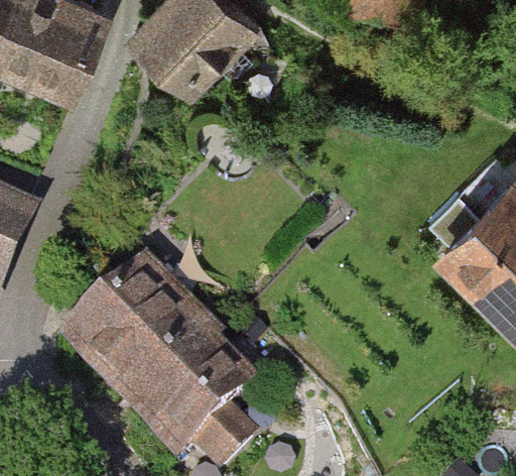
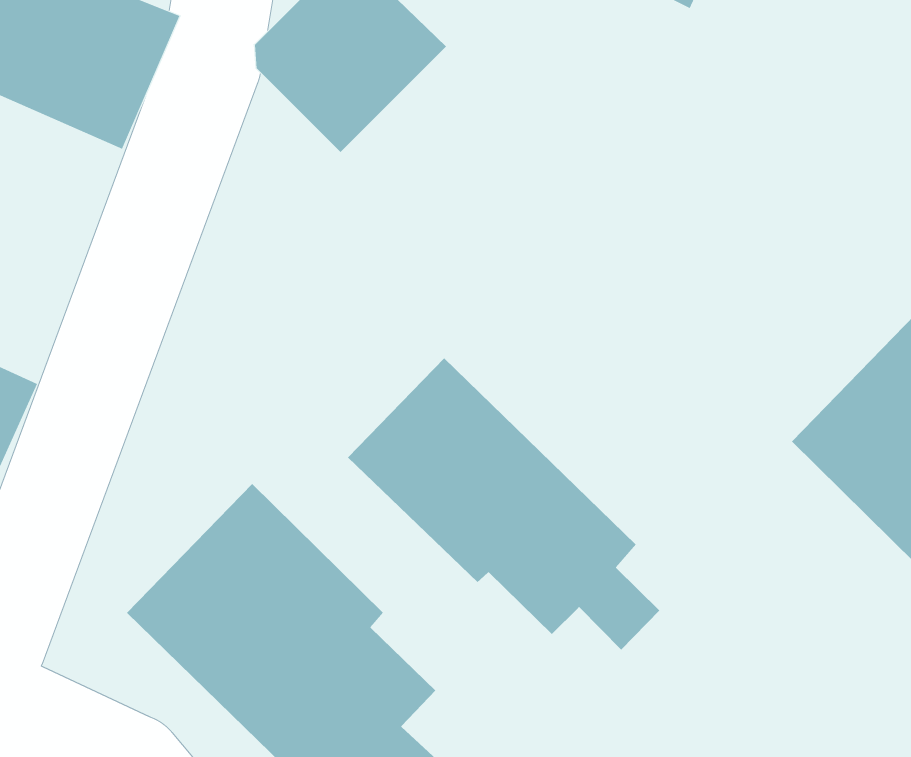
building: none -> [347,358,660,650]

